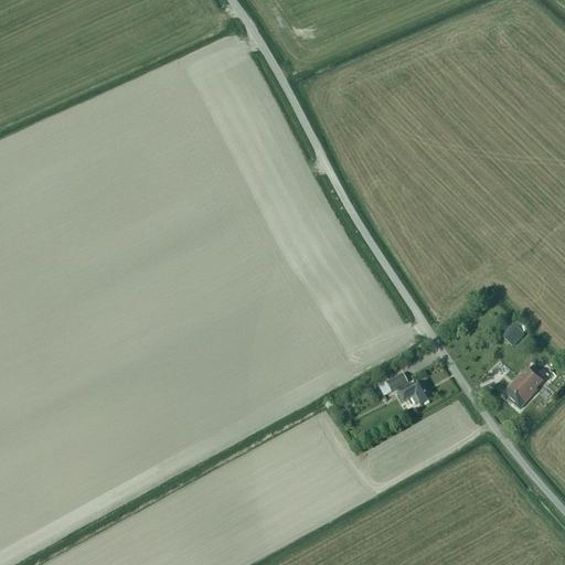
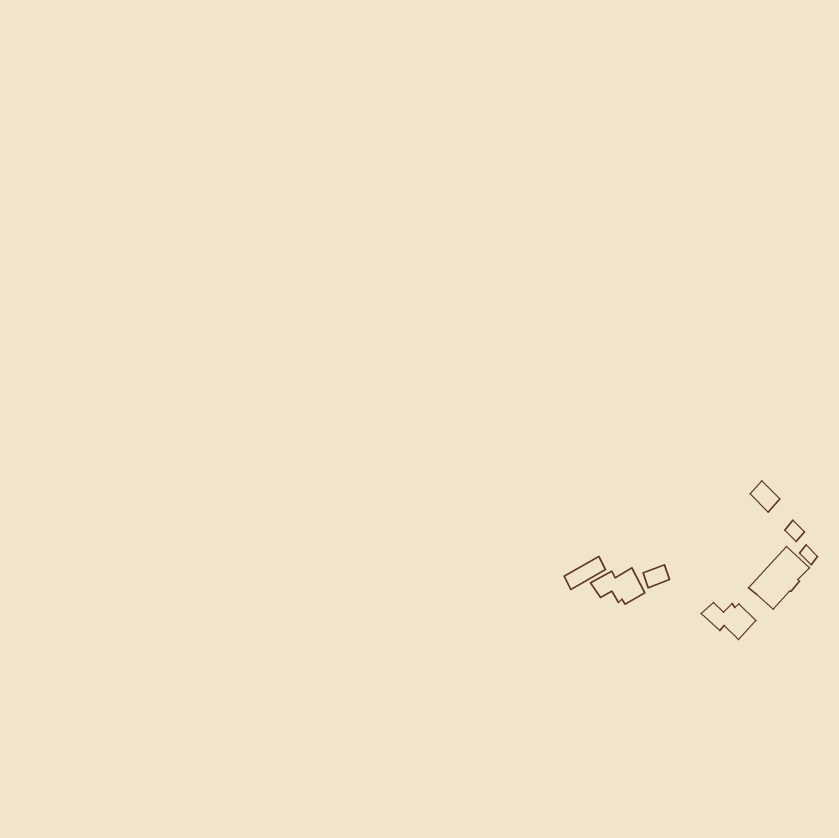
building: none -> [701,603,756,640]

